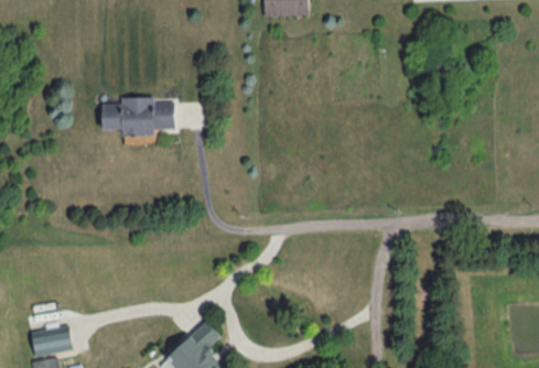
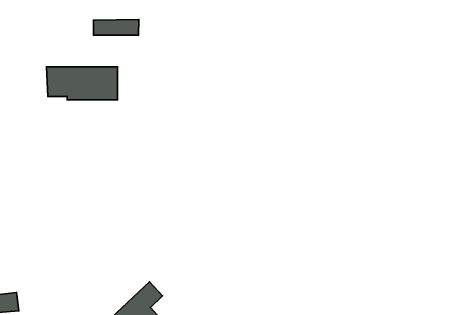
building: none -> [93,19,139,35]

